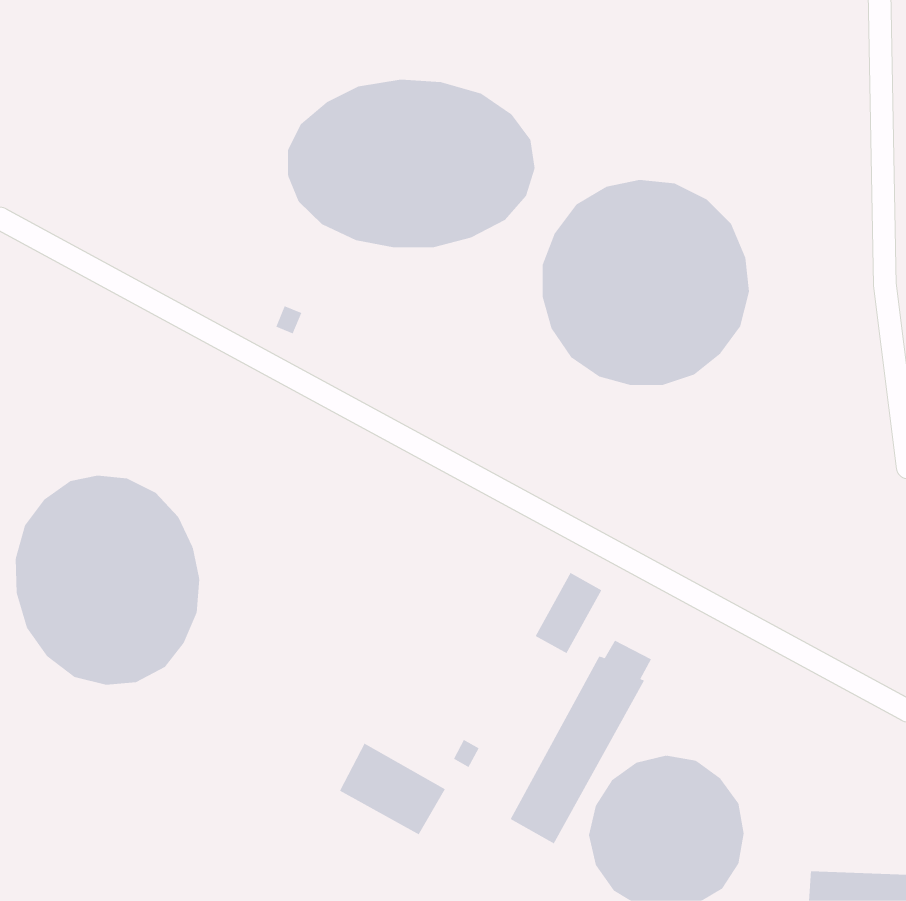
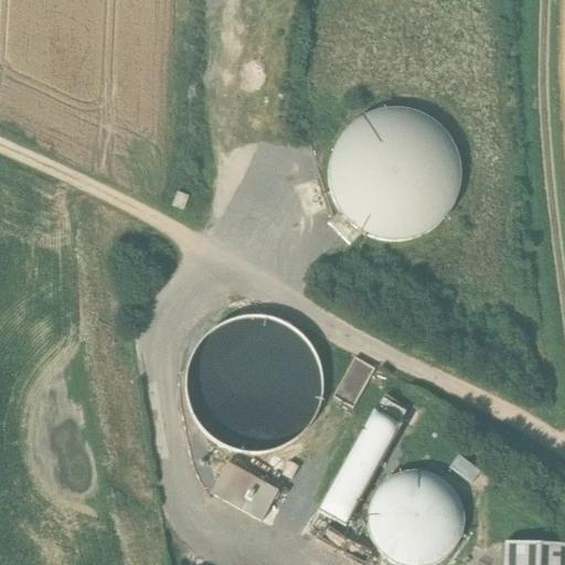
building: [288,79,535,248] -> none
building: [15,475,200,685] -> none
building: none -> [185,315,323,452]

